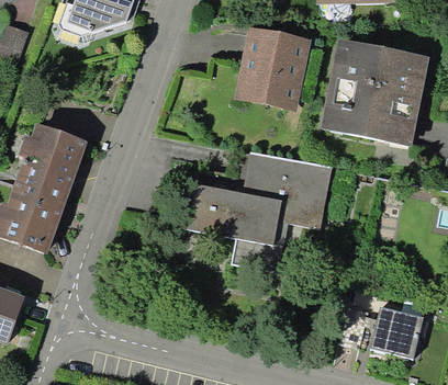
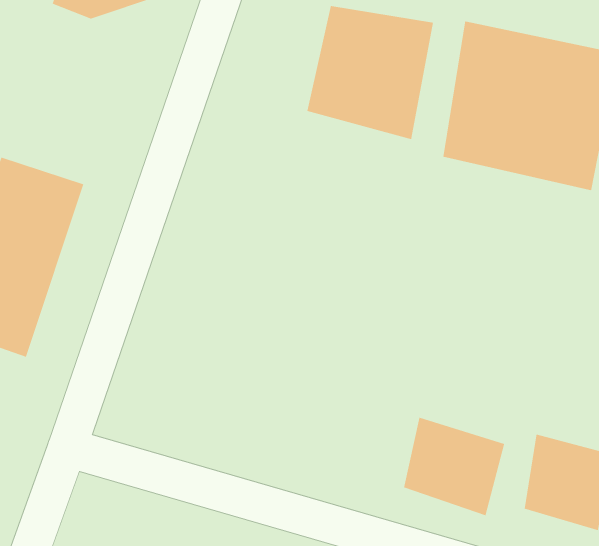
building: [183,147,341,248] -> none
building: none -> [404,417,505,516]

